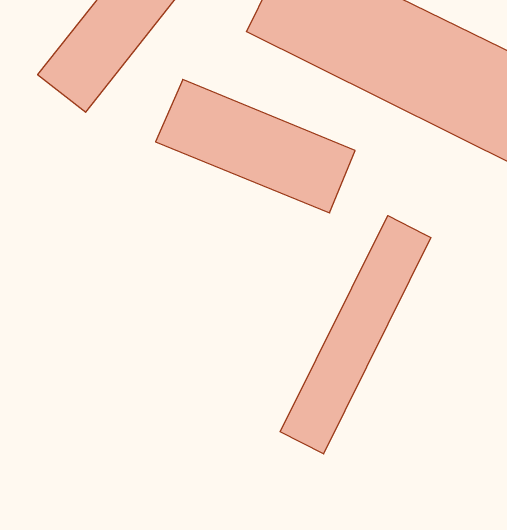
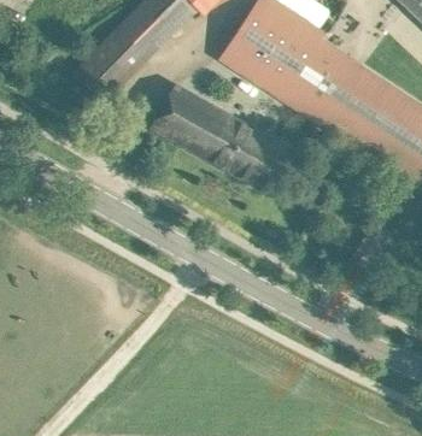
building: [280,216,431,454] -> none

